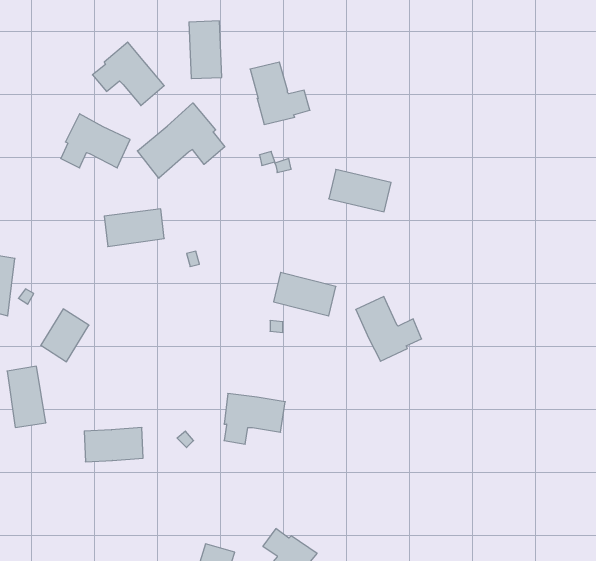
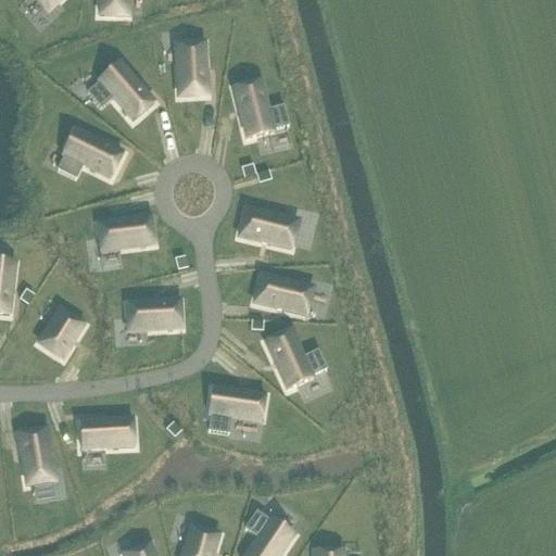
building: [137,103,225,178] -> none
building: [329,169,391,212] -> [239,208,296,248]
building: [356,297,422,361] -> [264,329,325,389]
building: none -> [126,300,180,330]
building: [7,366,46,427] -> [18,428,54,484]

